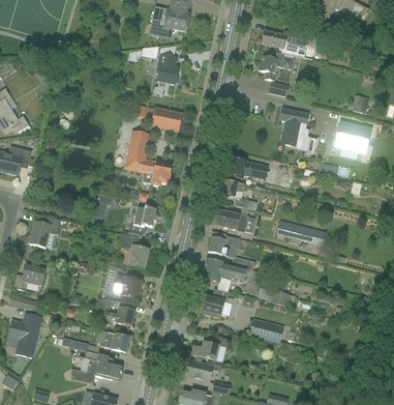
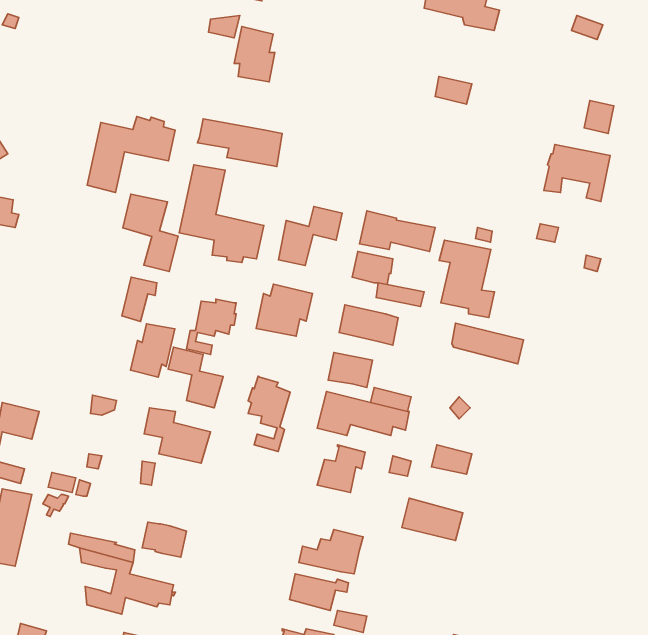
building: [257,52,294,80] -> none
building: none -> [87,116,175,193]
building: [279,108,310,151] -> [439,240,494,318]
building: none -> [123,194,178,272]
building: none -> [278,207,342,265]
building: none -> [256,284,313,336]
building: [28,215,61,248] -> none
building: none -> [131,324,175,377]
building: none -> [248,376,290,451]
building: [102,301,135,325] -> none

